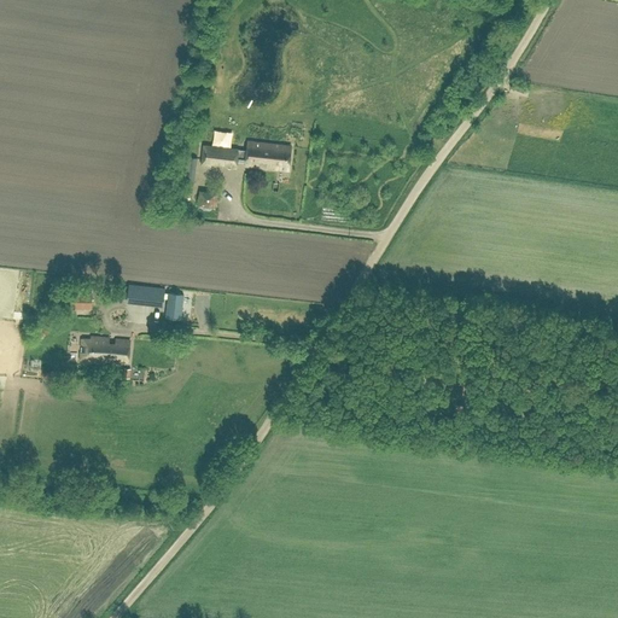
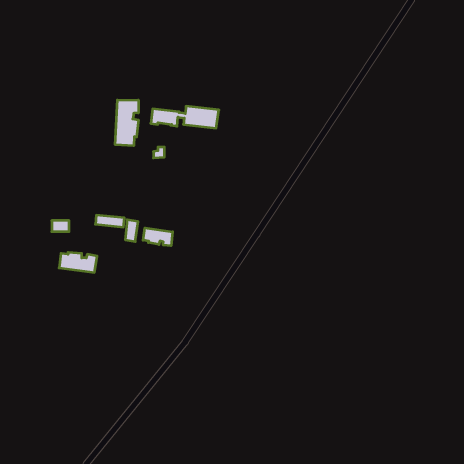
building: none -> [115,100,138,146]
building: none -> [143,228,173,246]

